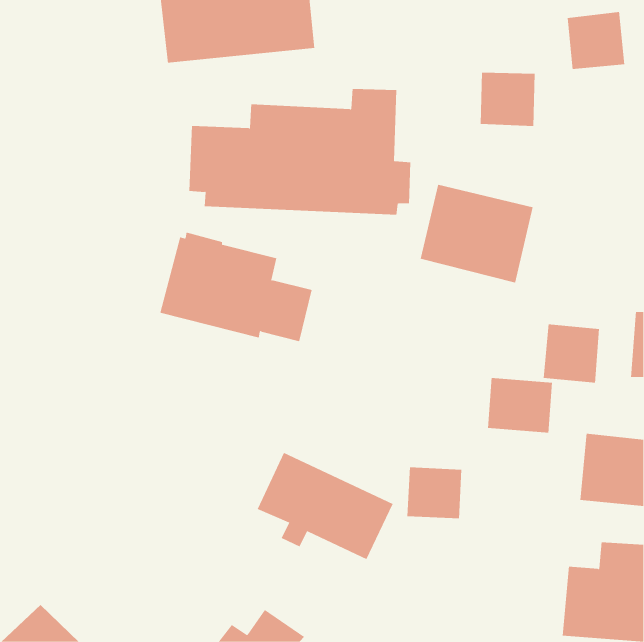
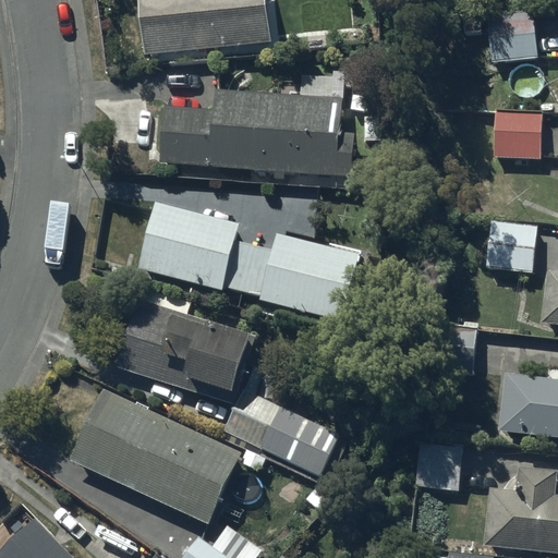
building: [480,72,536,127] -> [494,110,542,157]
building: [420,184,534,283] -> [262,235,360,320]
building: [543,324,600,383] -> [487,219,536,270]
building: none -> [116,296,255,403]
building: none -> [72,388,242,521]
building: [407,467,462,519] -> [415,444,463,488]

